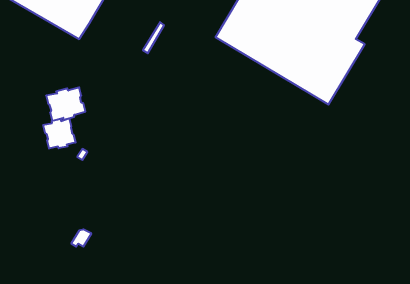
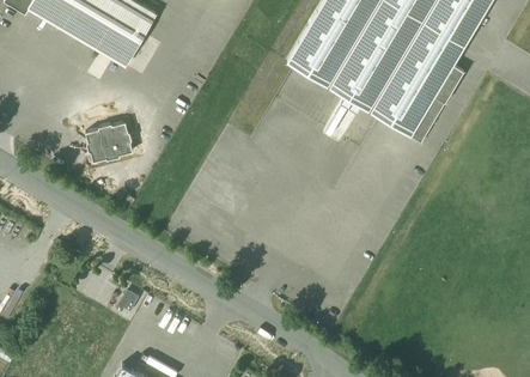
building: [43,118,76,149] -> none

